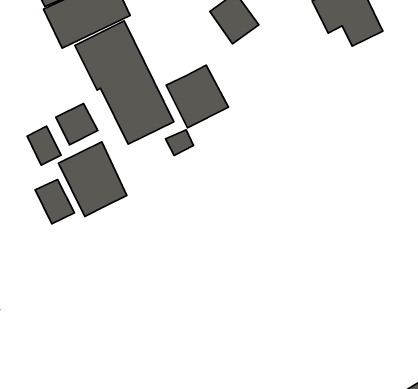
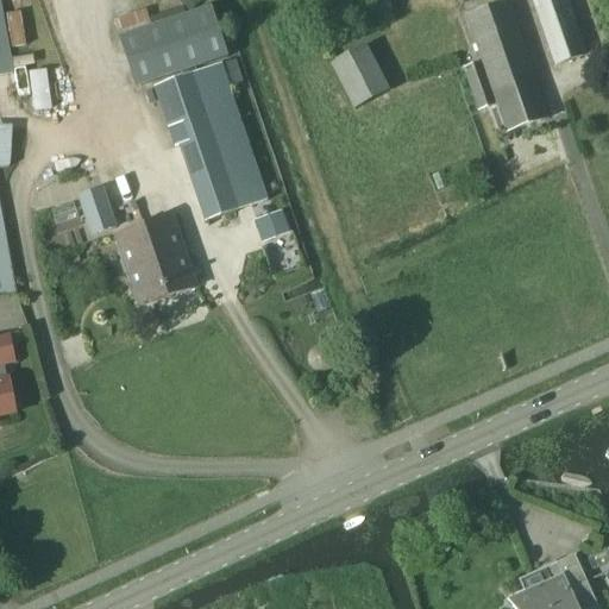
building: [166,65,228,128] -> none
building: [56,104,98,145] -> none
building: [35,180,74,224] -> none

